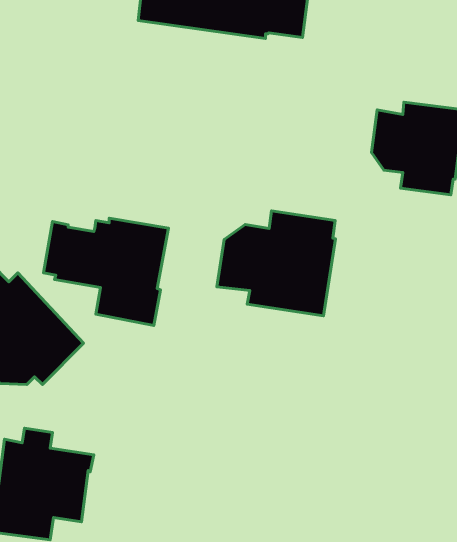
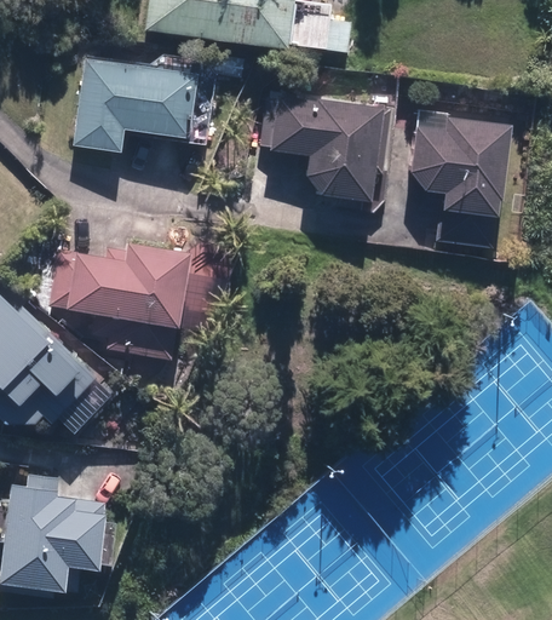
building: none -> [75,44,219,153]
building: none -> [269,97,392,205]
building: [217,211,336,316] -> none

